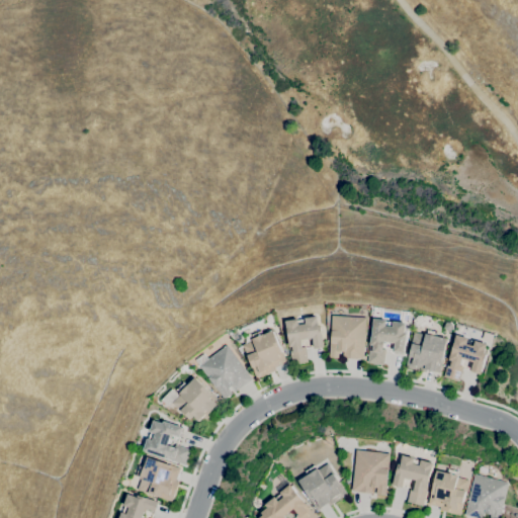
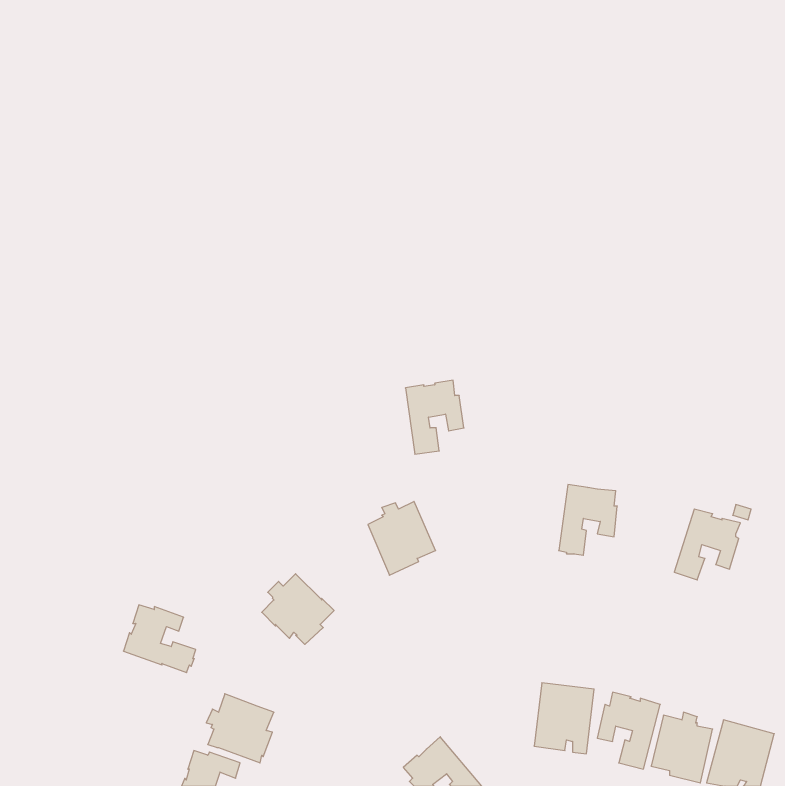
building: [286,316,325,364] -> [405,380,464,454]
building: [330,316,367,359] -> none
building: [406,330,448,372] -> none
building: [200,345,253,400] -> none
building: [144,420,191,464] -> [123,605,196,673]
building: [299,463,348,511] -> none

